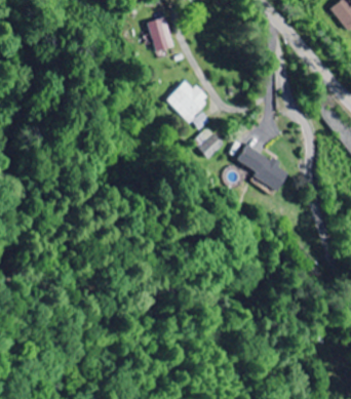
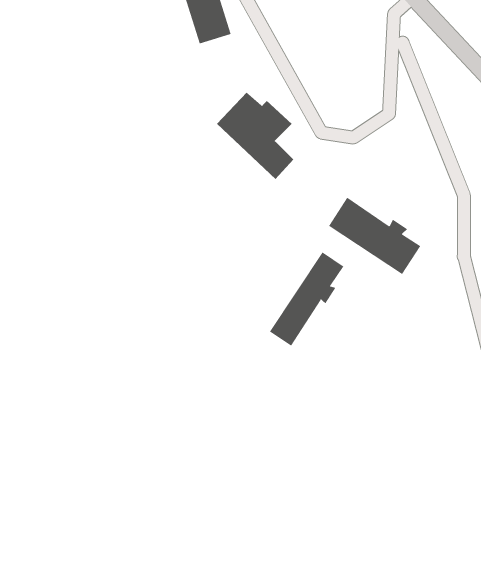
building: [192,126,224,158] -> none
building: none -> [269,251,344,347]

